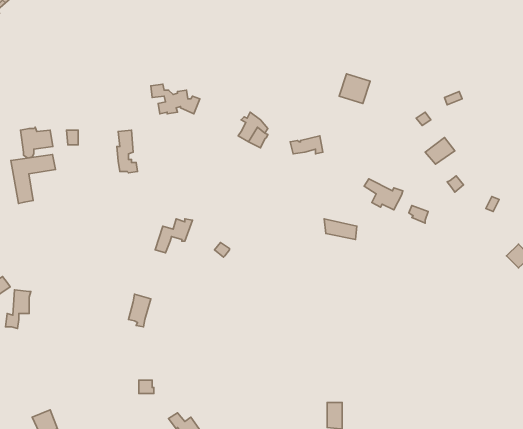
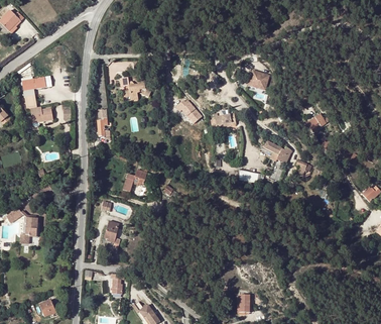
building: [11,155,55,203] -> [21,76,51,109]

